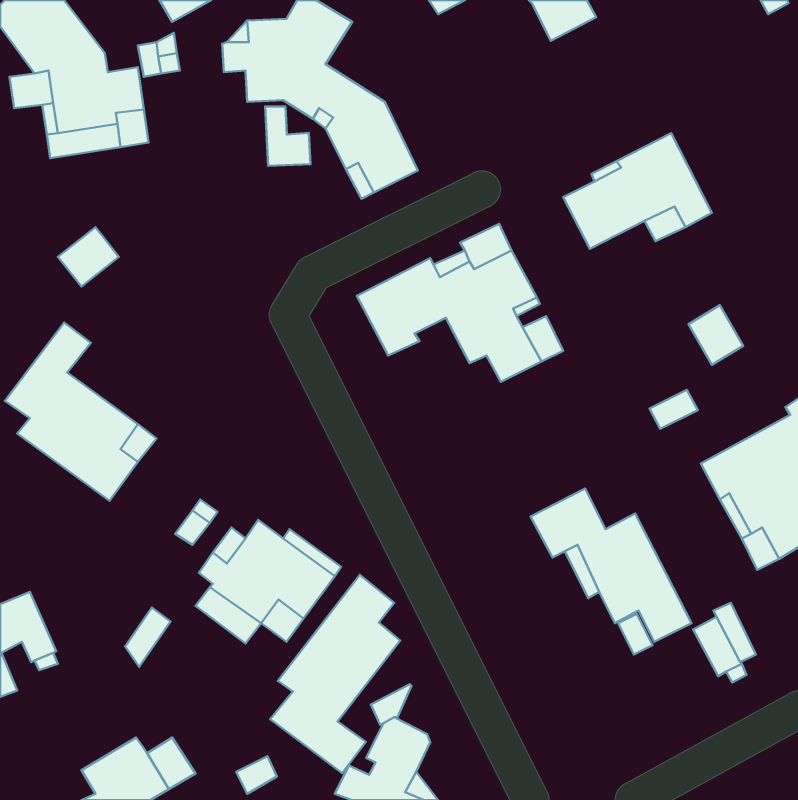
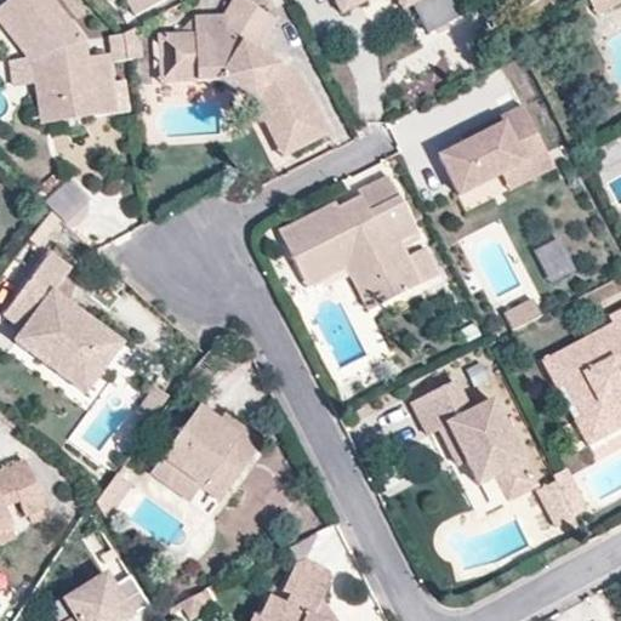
building: [265,106,310,166] -> [158,34,193,80]
building: none -> [302,246,389,307]
building: [270,575,400,773] -> none

